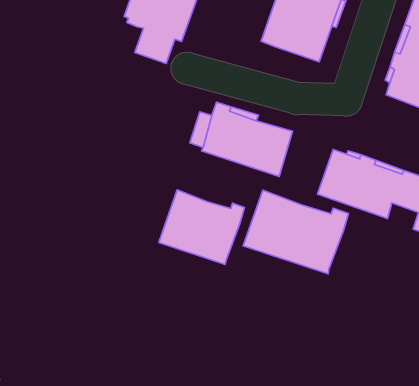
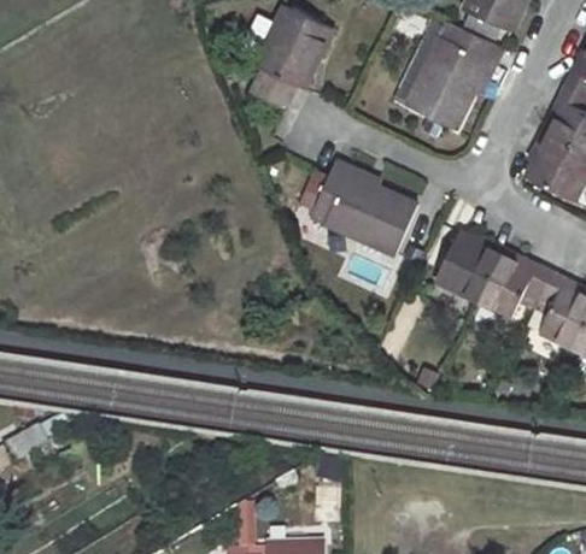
building: [159,190,245,264] -> none
building: [243,190,349,274] -> none

